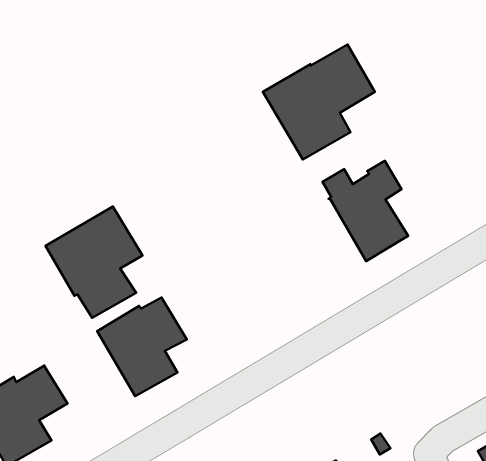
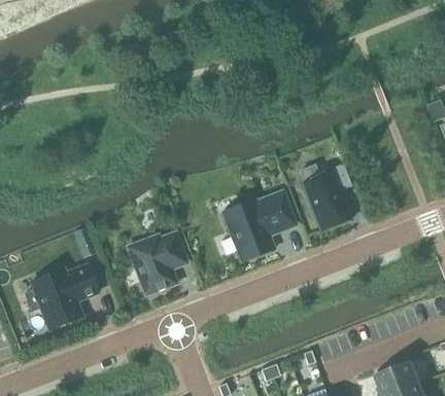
building: [263,44,375,160] -> [220,188,298,262]
building: [46,206,143,318] -> none

